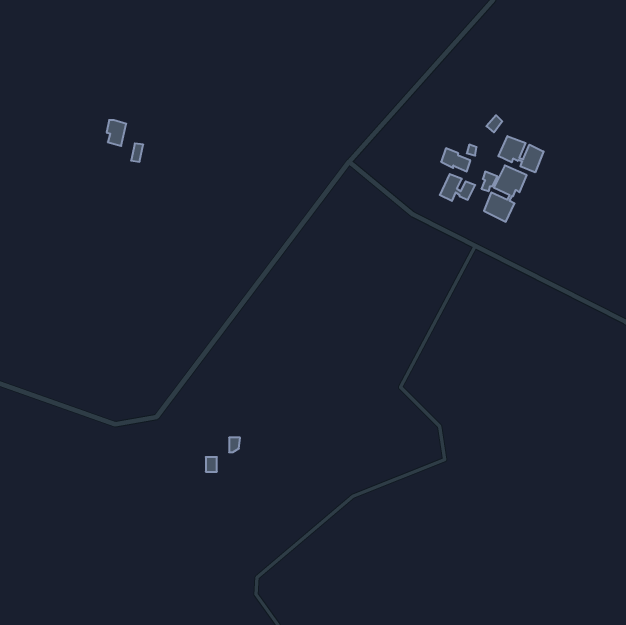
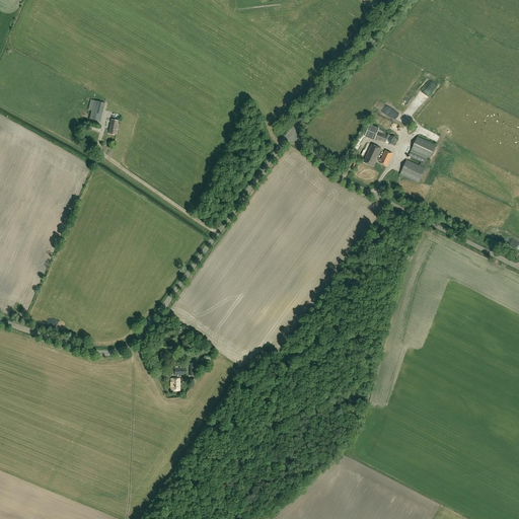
building: [498,136,544,172] -> none

